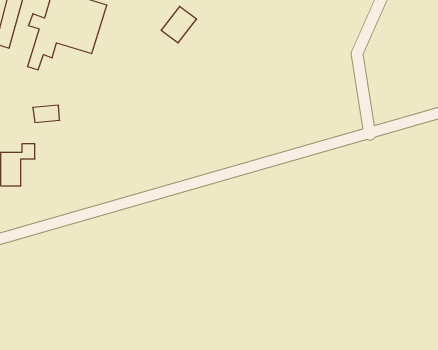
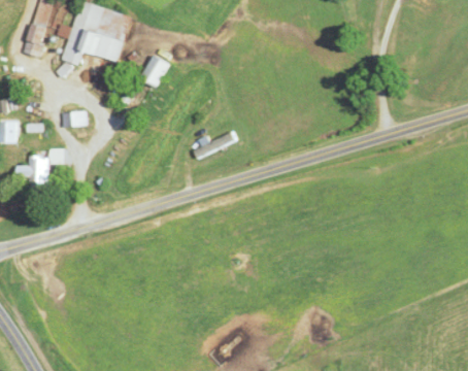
building: [161,6,197,43] -> [138,53,172,88]
building: none -> [191,136,234,160]

